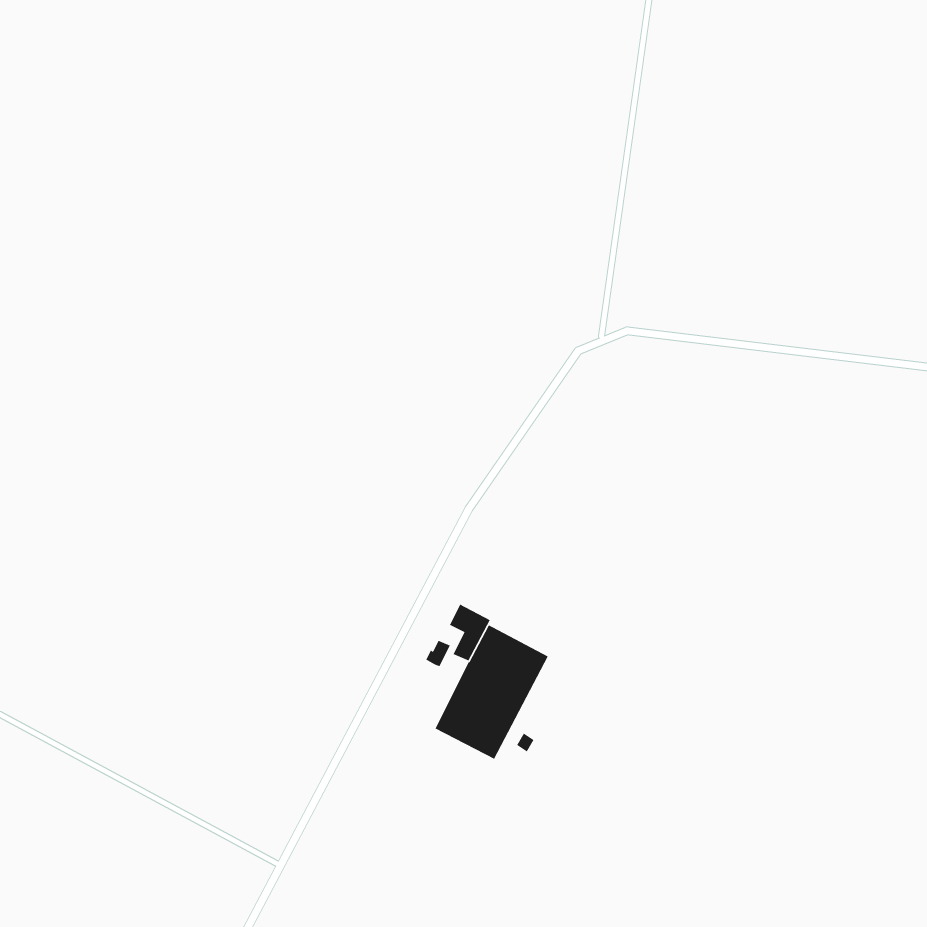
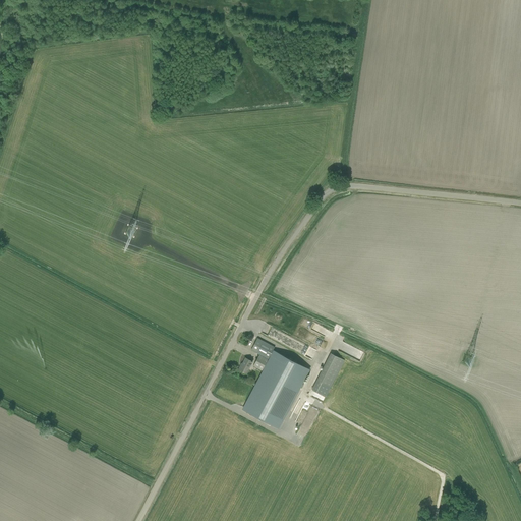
building: none -> [312,354,345,397]

